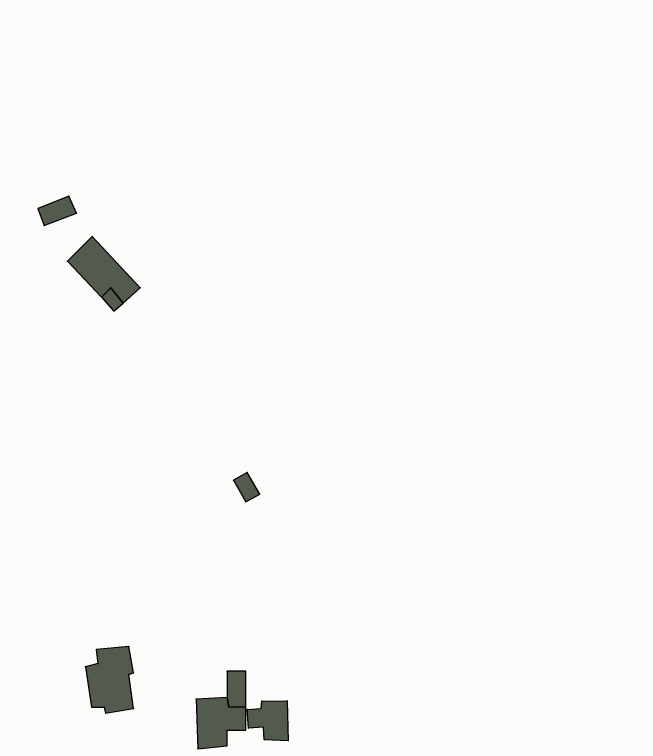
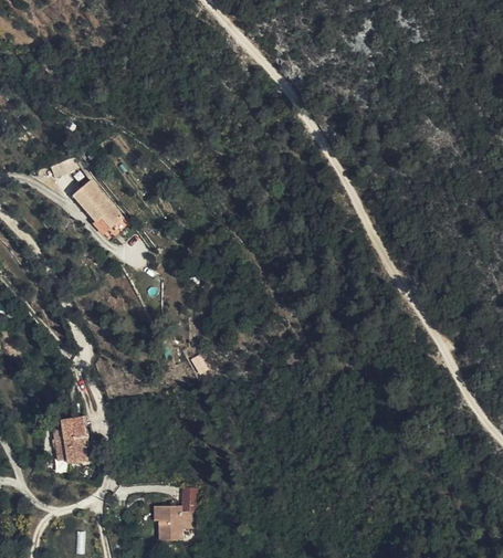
building: [85,646,134,713] -> [55,413,90,461]
building: [247,701,288,741] -> none

